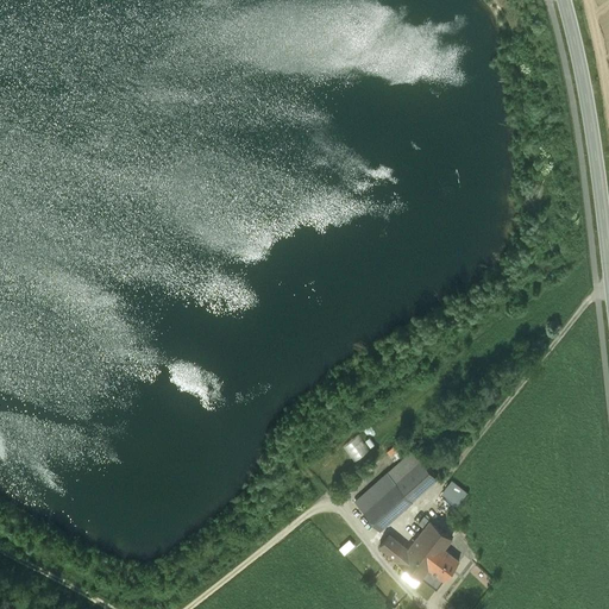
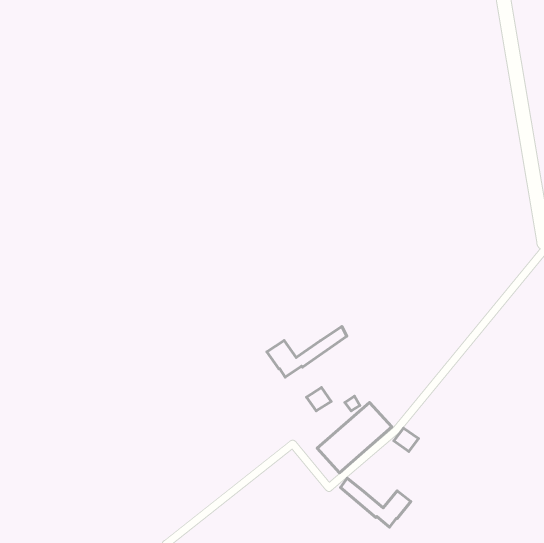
building: none -> [267,327,347,377]
building: [407,516,451,569] -> none

